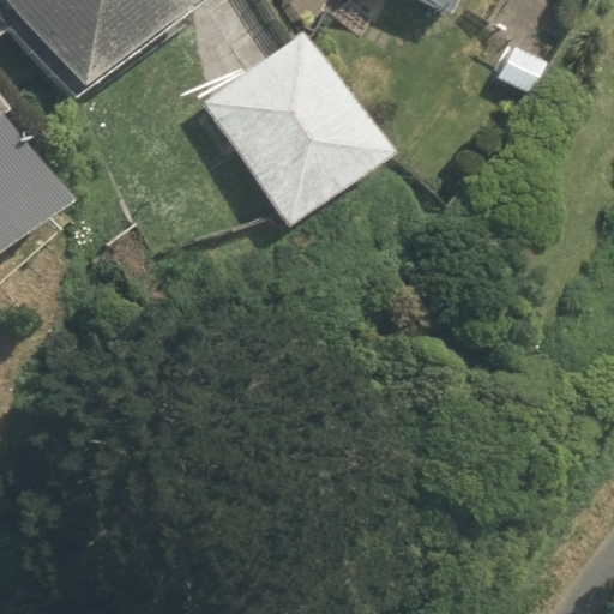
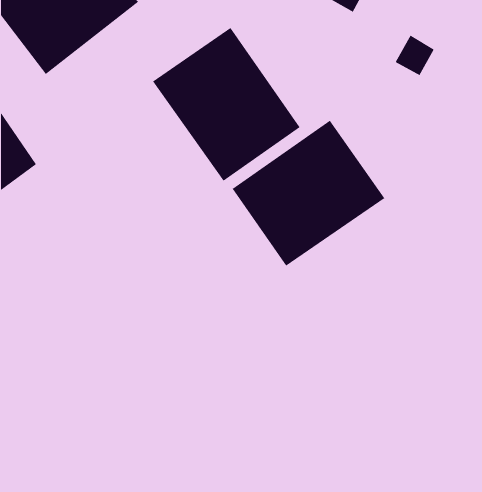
building: none -> [232,120,385,267]

